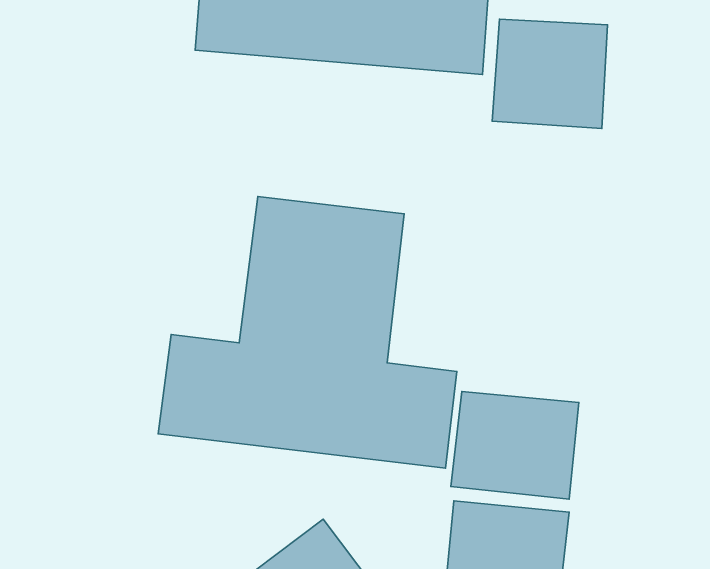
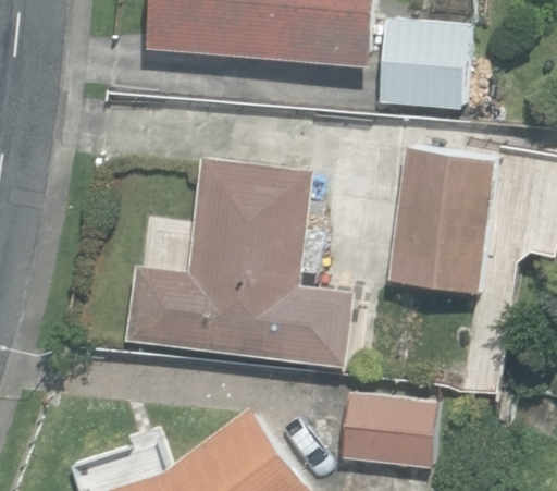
building: none -> [389,148,498,291]
building: [451,391,579,499] -> none

